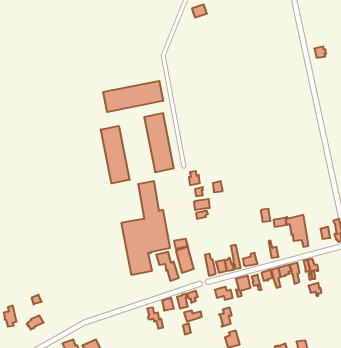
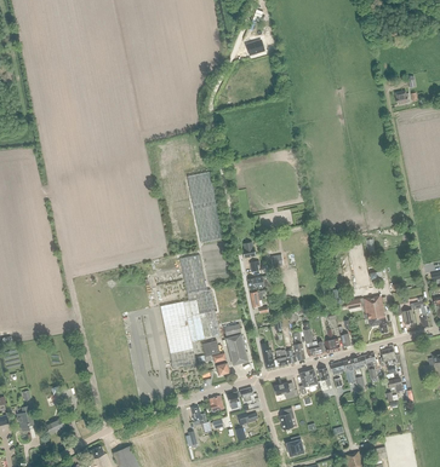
building: [103,81,163,112] -> none
building: [101,126,130,183] -> none

